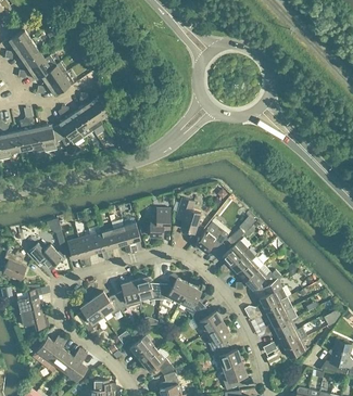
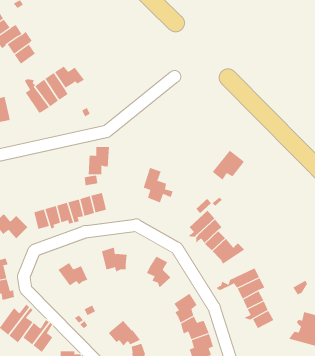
building: [38,124,70,151] -> none
building: [148,207,169,235] -> [88,146,110,175]
building: [194,221,227,252] -> [212,150,245,181]
building: [159,272,188,302] -> none
building: [243,278,286,316] -> none
building: [114,280,140,308] -> none
building: [76,298,102,330] -> none
building: [191,306,222,332] -> none
building: [128,330,155,361] -> none

